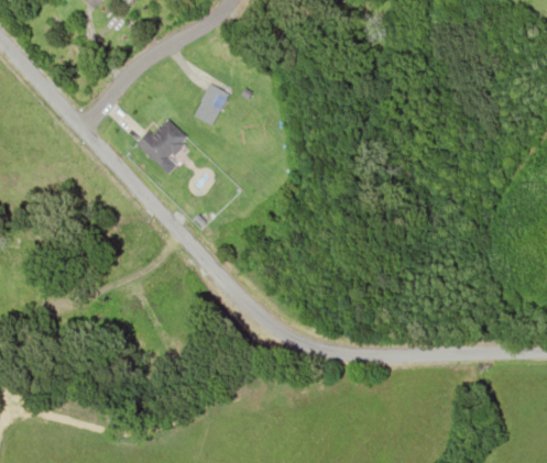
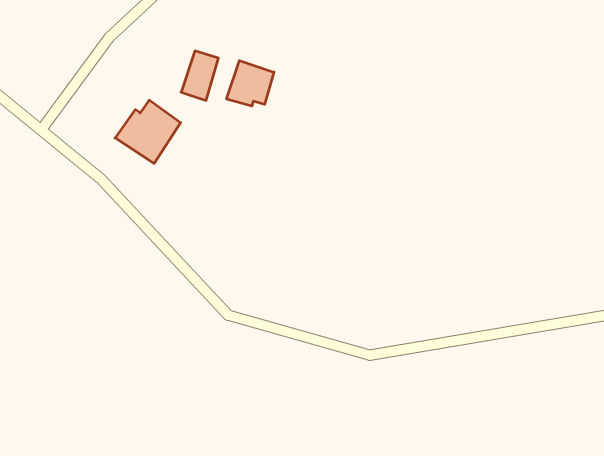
building: none -> [227,61,274,106]

